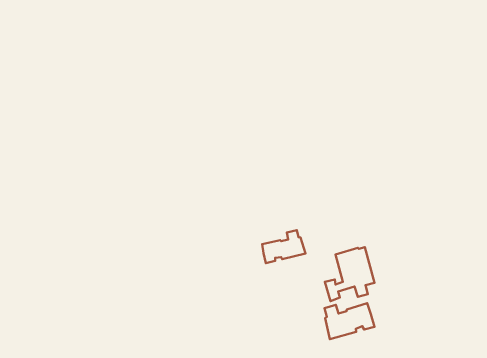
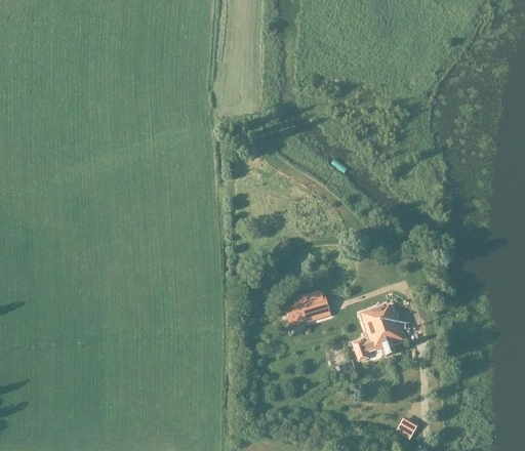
building: [324,303,375,339] -> none

